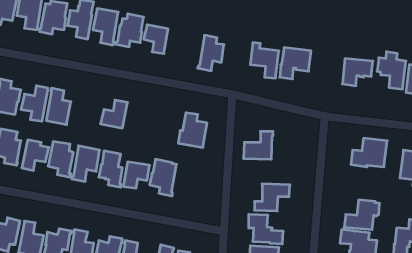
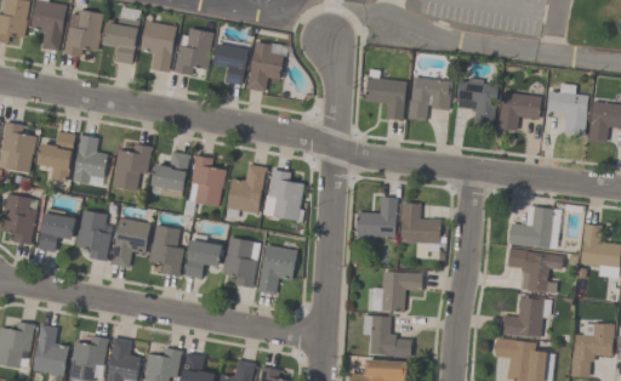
building: [198,35,224,71] -> [245,41,283,92]
building: none -> [456,79,498,125]
building: none -> [112,143,152,190]
building: none -> [189,155,226,206]
building: none -> [226,164,267,214]
building: none -> [400,203,440,244]
building: none -> [256,245,296,294]
building: none -> [507,249,563,294]

